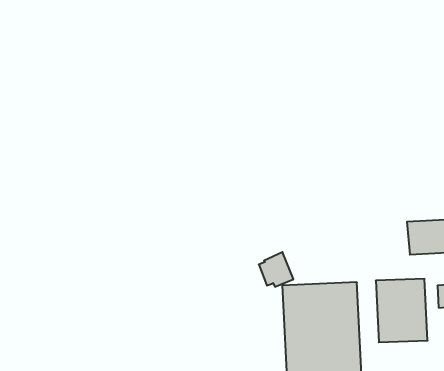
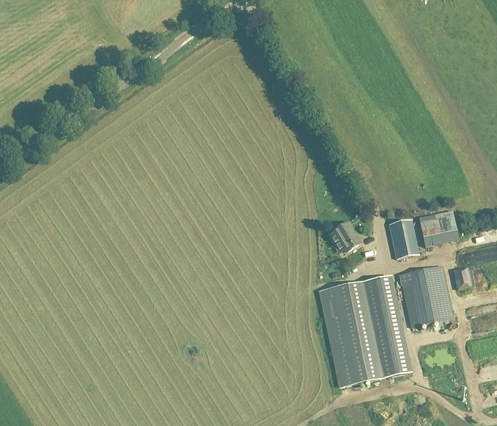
building: none -> [389,219,418,258]
building: [259,252,293,287] -> [328,220,360,251]

